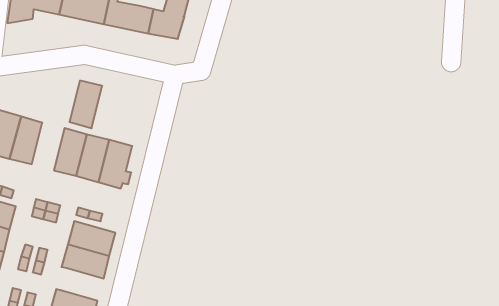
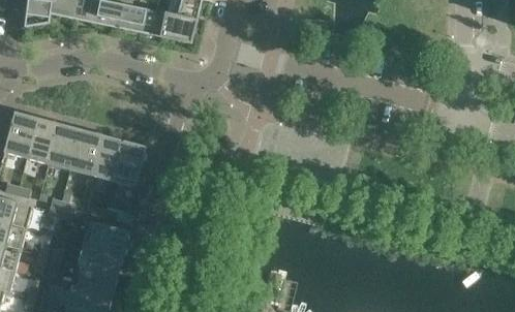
building: [69,81,102,128] -> [47,123,79,169]
building: none -> [74,264,117,297]

